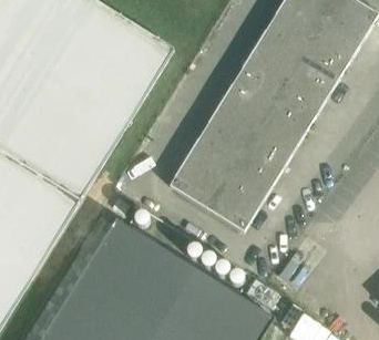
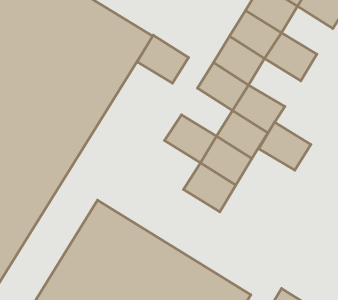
building: [308,17,361,66] -> none
building: [274,71,328,121] -> [259,122,311,170]
building: [204,102,257,152] -> [137,35,188,83]
building: [170,156,224,207] -> none

